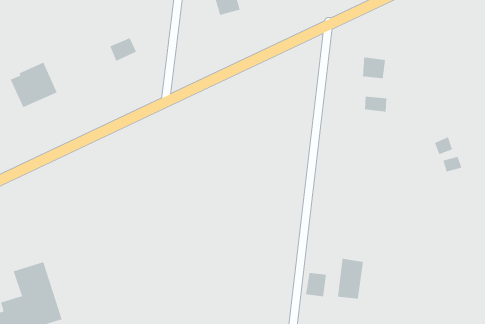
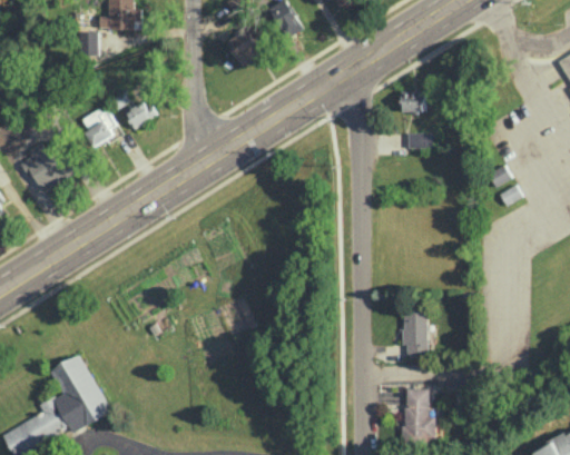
building: none -> [80,107,115,148]
building: [305,272,326,297] -> none

